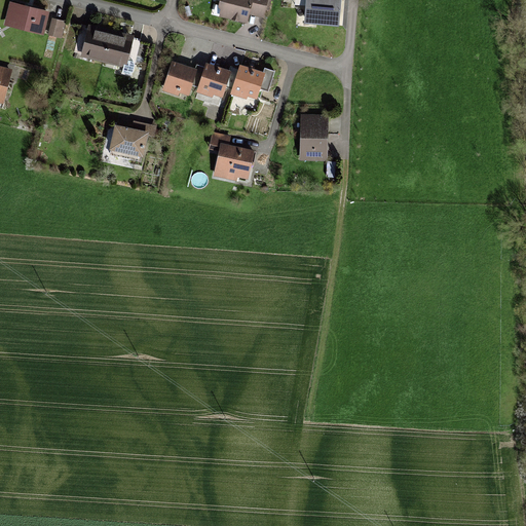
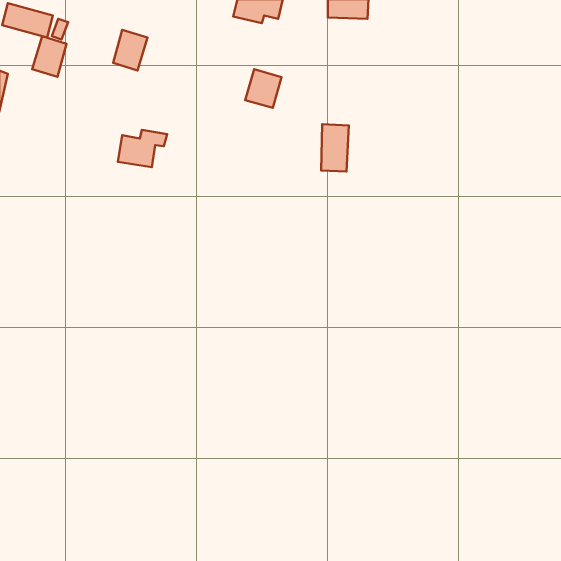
building: [82,21,114,59] -> [32,36,66,77]
building: [162,63,195,99] -> none
building: [195,64,229,100] -> none
building: [209,134,252,181] -> none

